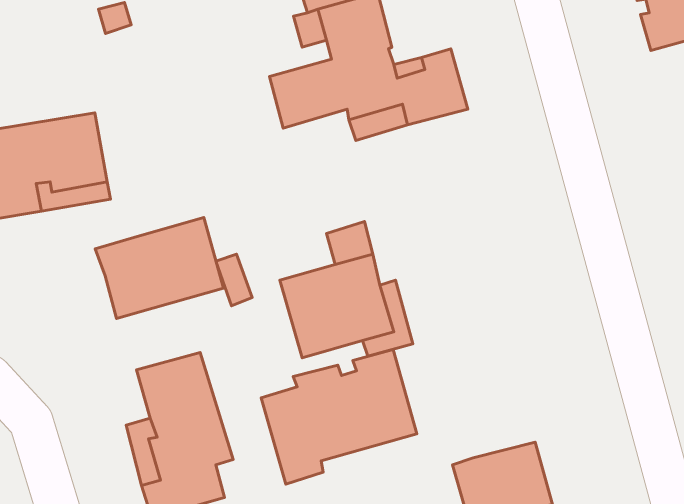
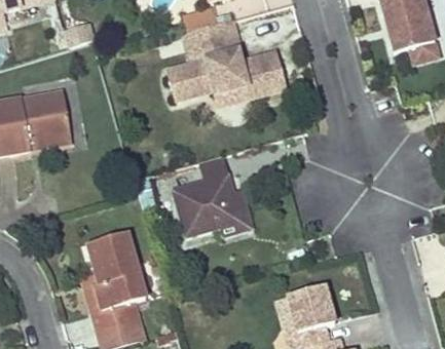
building: [95,217,223,319] -> none
building: [261,350,417,484] -> none

